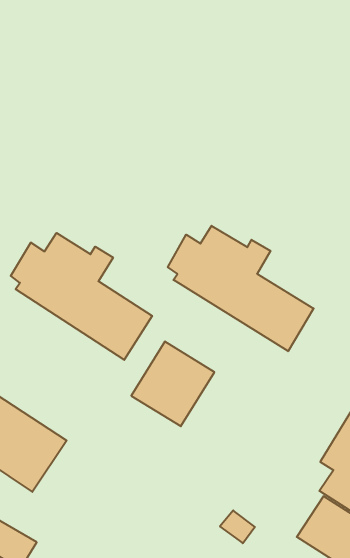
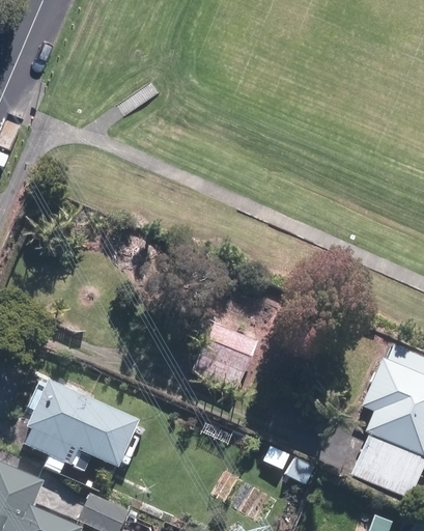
building: [168,226,314,351] -> none
building: [11,233,152,360] -> none

